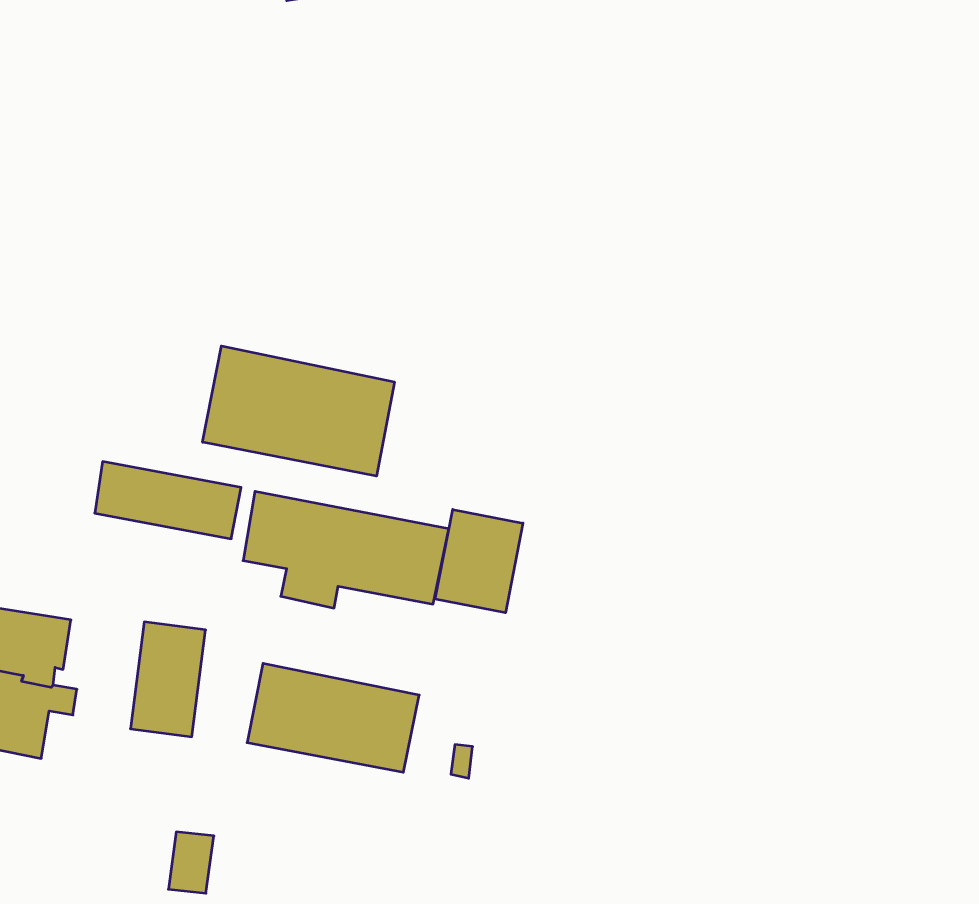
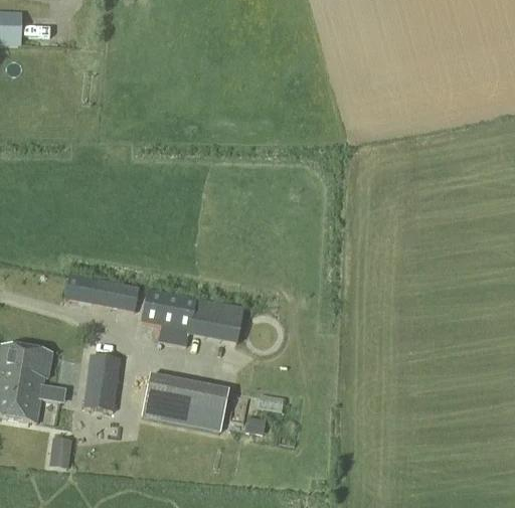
building: [203,346,394,476] -> none
building: [435,509,523,613] -> none
building: [168,832,214,893] -> [49,437,72,468]

